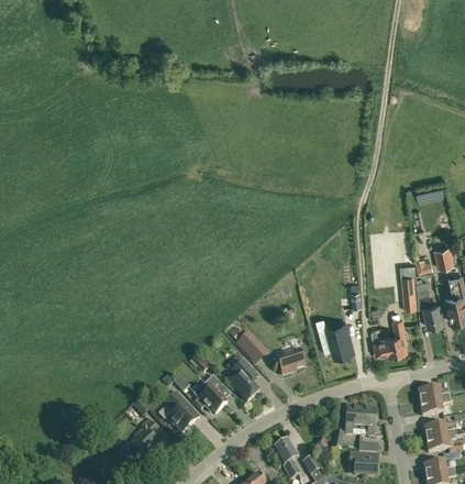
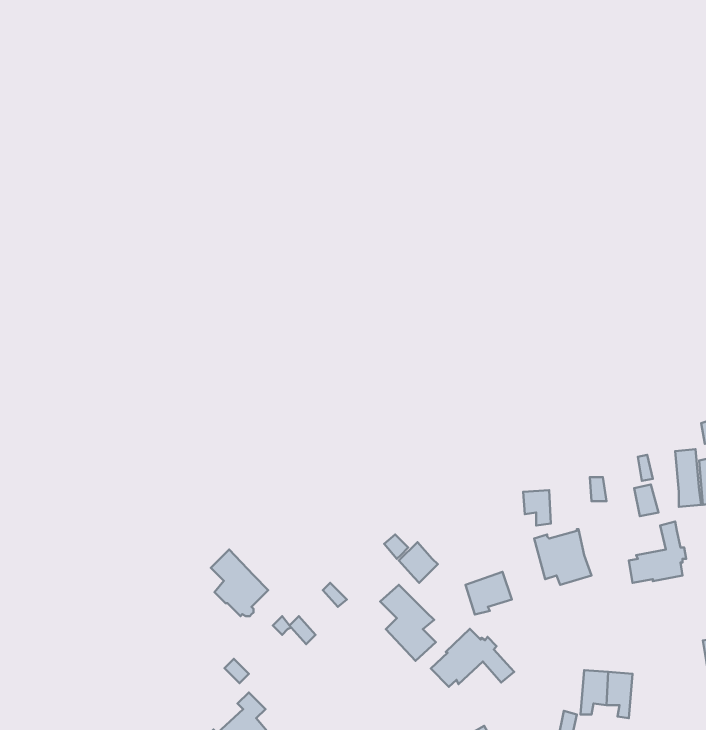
building: [193,375,228,413] -> none
building: none -> [431,629,514,687]
building: [165,392,199,431] -> [211,549,268,616]

